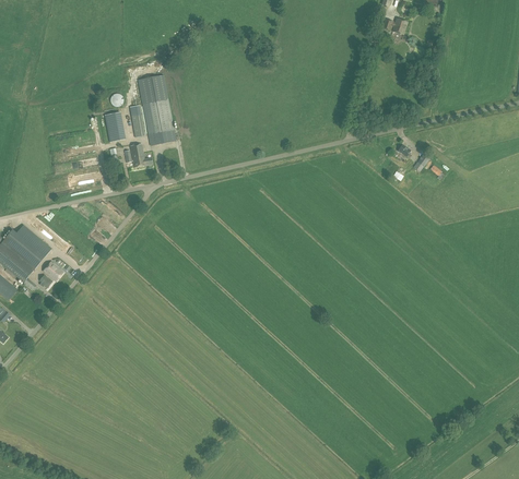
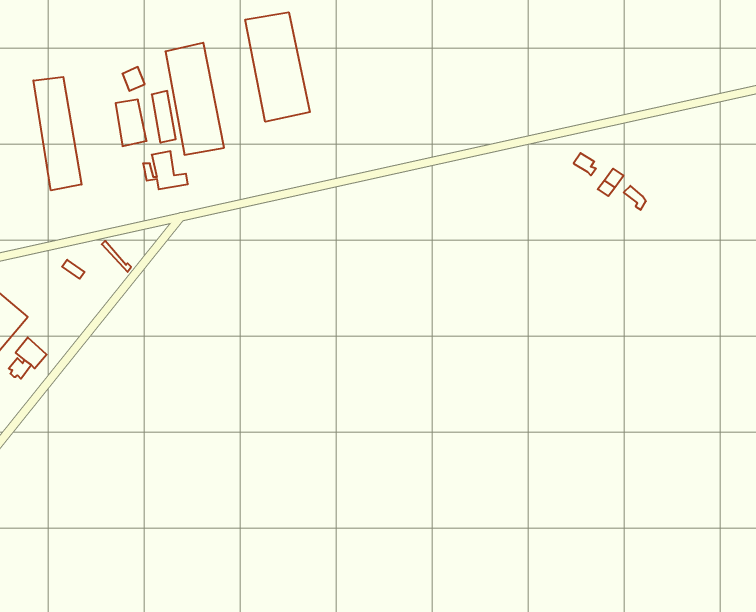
building: none -> [245,12,310,122]
building: none -> [33,77,82,190]

